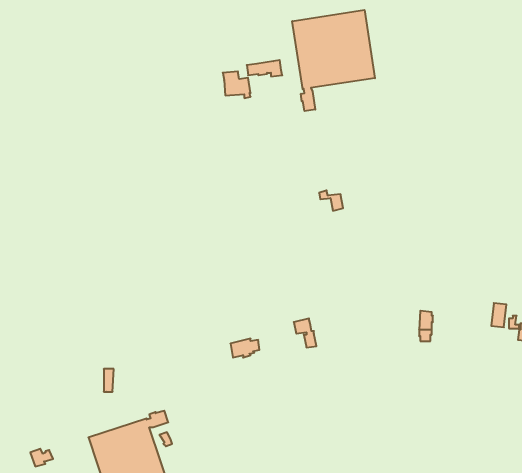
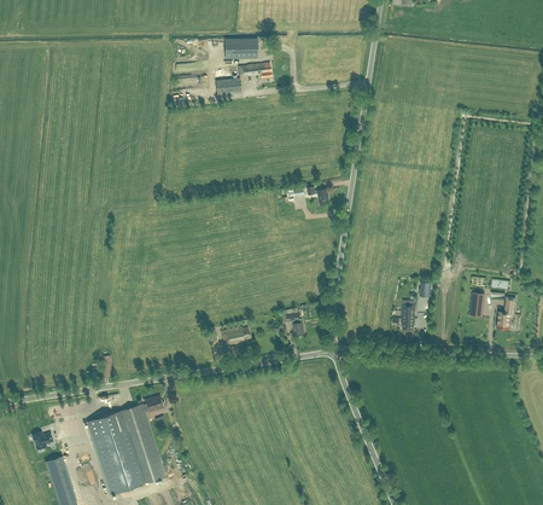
building: [292,10,375,111] -> none
building: none -> [224,39,258,58]

